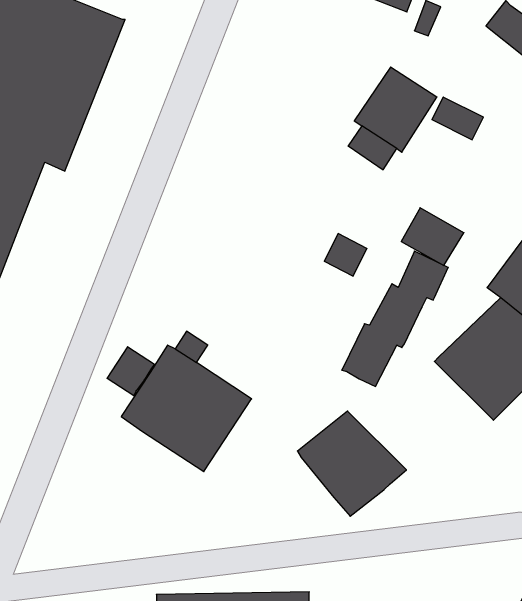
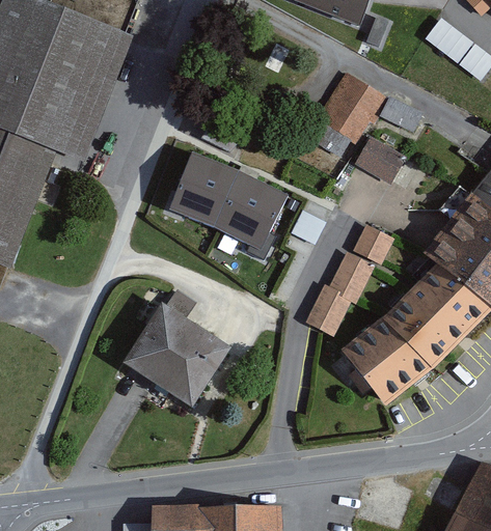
building: none -> [169,151,288,249]
building: [401,208,464,265] -> [354,136,406,184]
building: [107,347,154,396] -> none
building: [297,411,406,516] -> [340,315,431,402]

